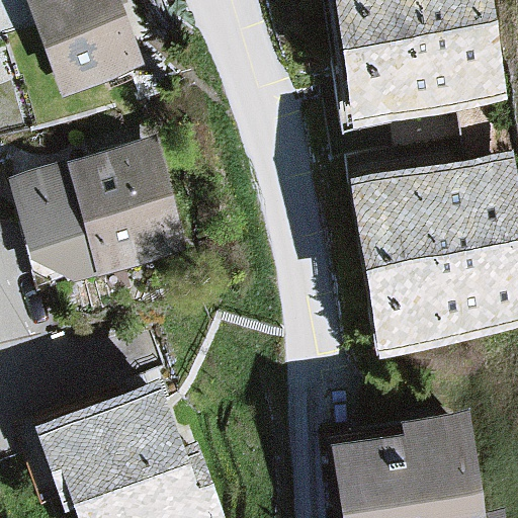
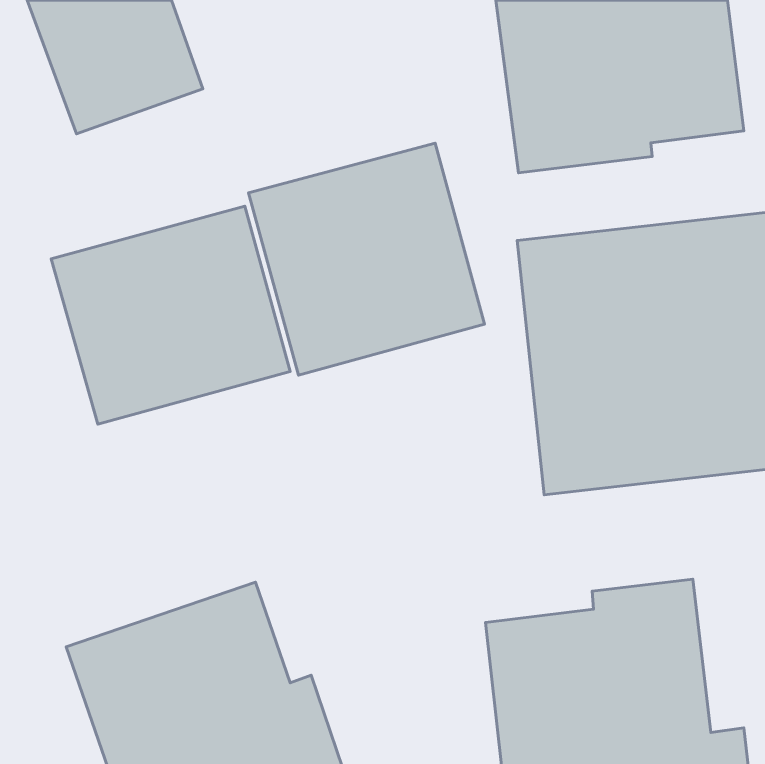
building: none -> [248,143,484,375]

